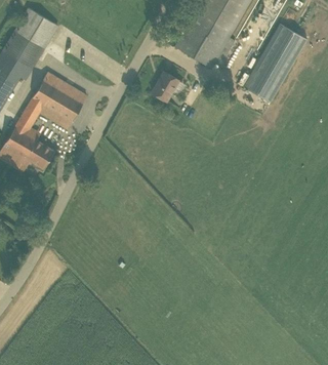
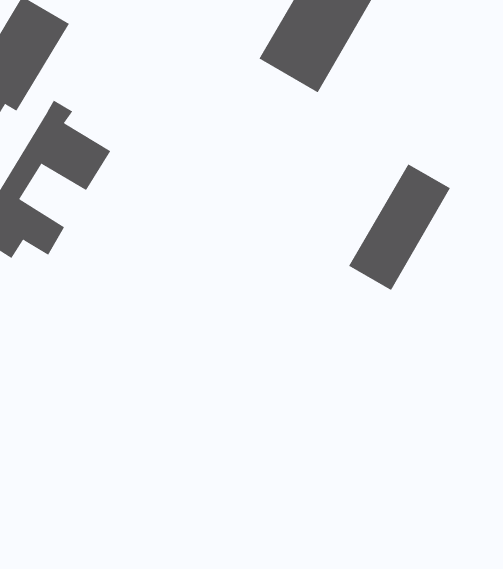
building: [244,24,307,103] -> [348,163,451,291]
building: [153,72,179,102] -> none

